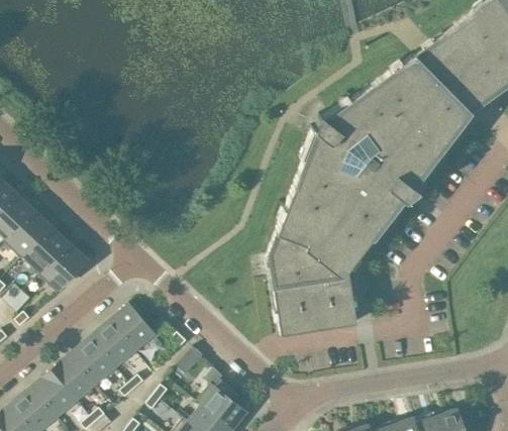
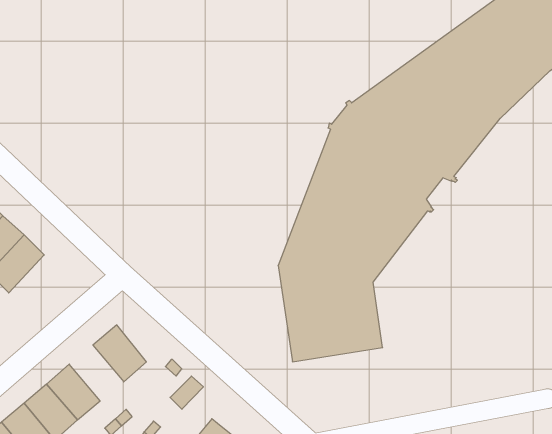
building: [40,244,89,294] -> none
building: [92,321,138,368] -> none

